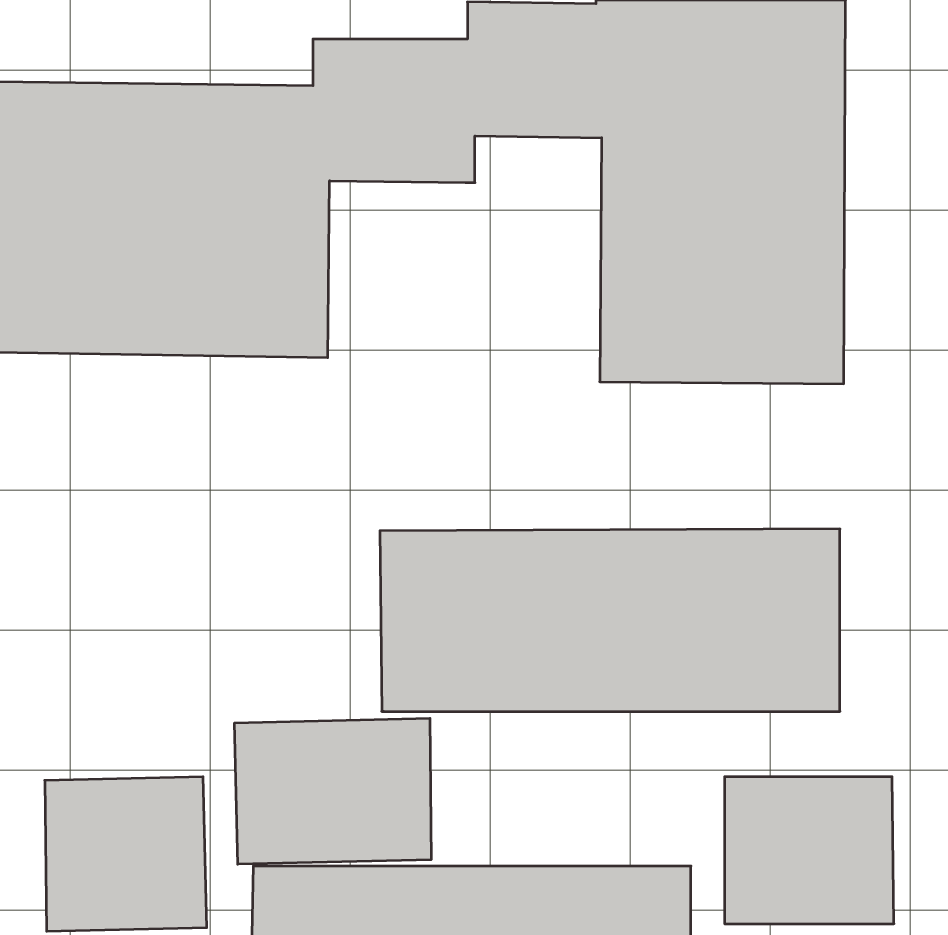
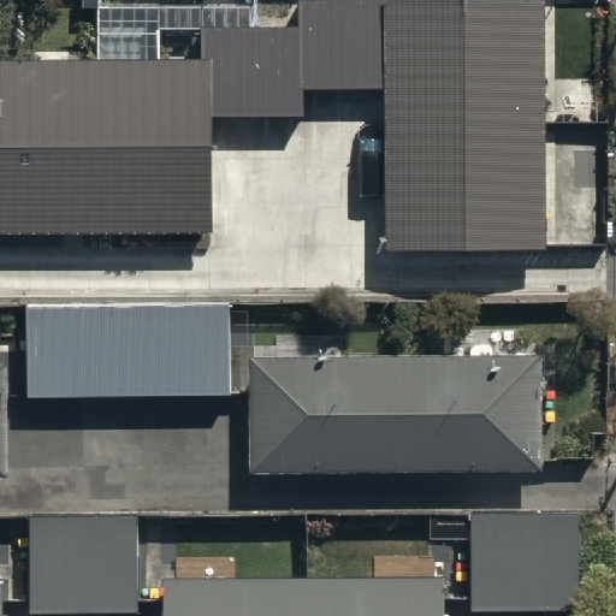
building: none -> [25,297,226,393]
building: [235,718,431,864] -> none

